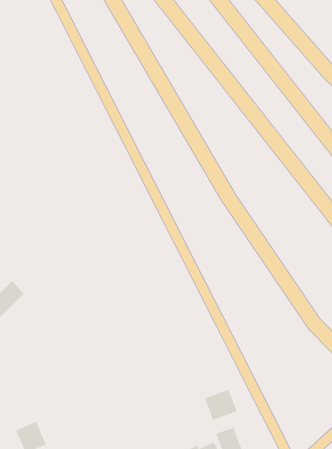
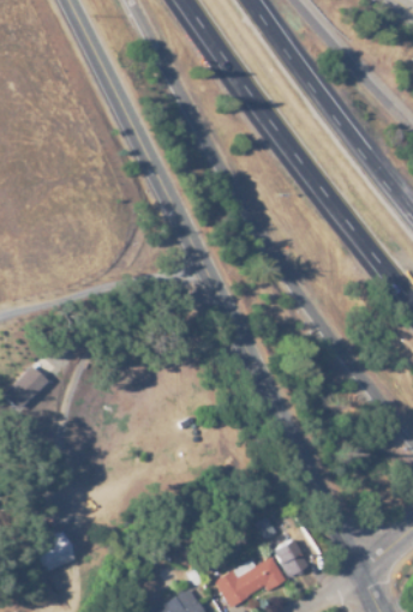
building: [204,389,238,421] -> none

